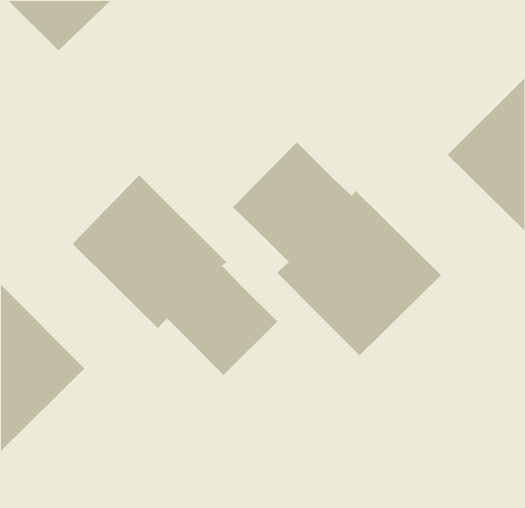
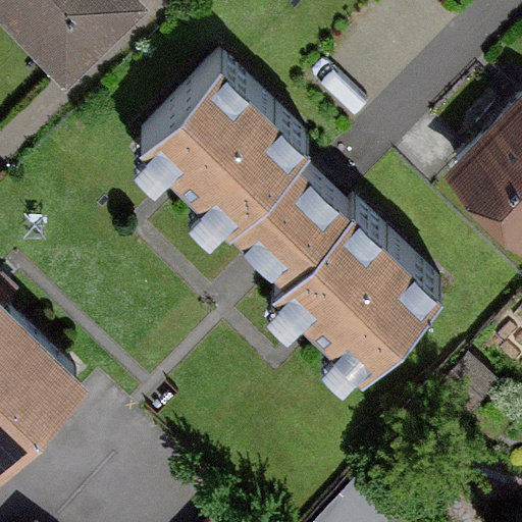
building: none -> [139,61,306,227]
building: [72,175,278,376] -> none

